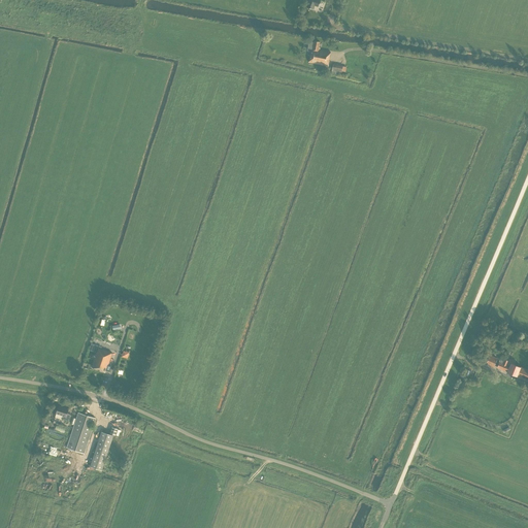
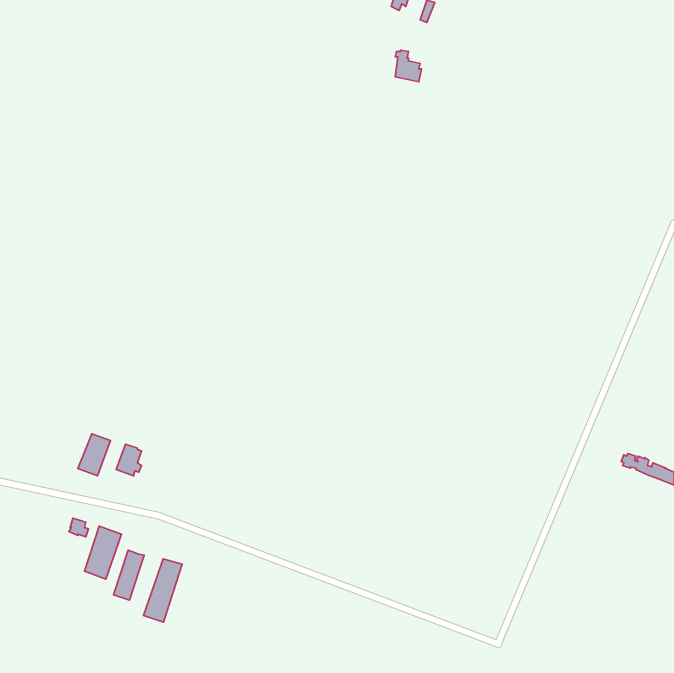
building: none -> [78,434,111,476]
building: none -> [144,559,182,622]

